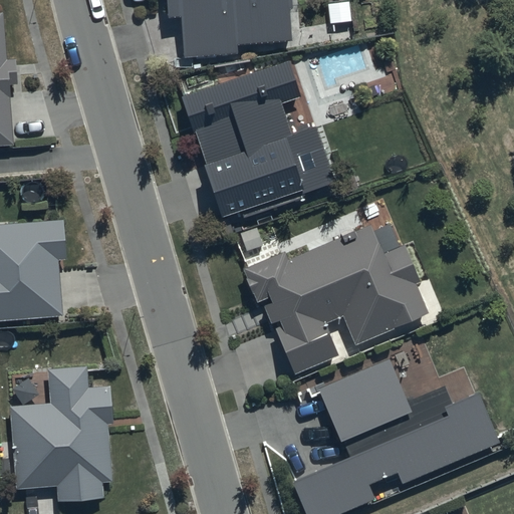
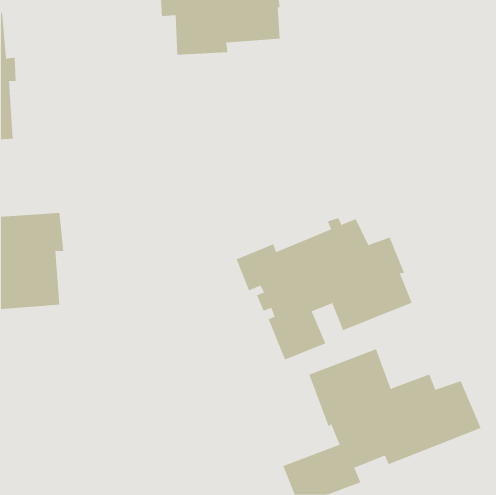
building: [182,62,333,217] -> none
building: [13,367,111,500] -> none

